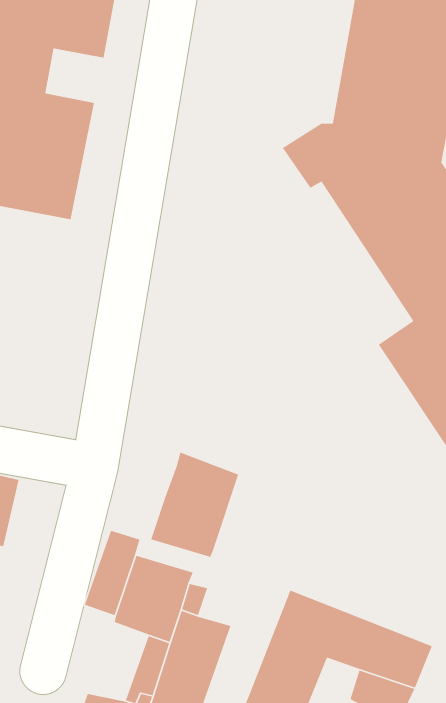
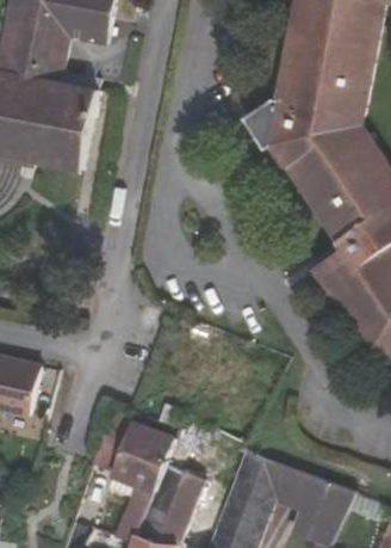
building: [150,452,239,558] -> none

